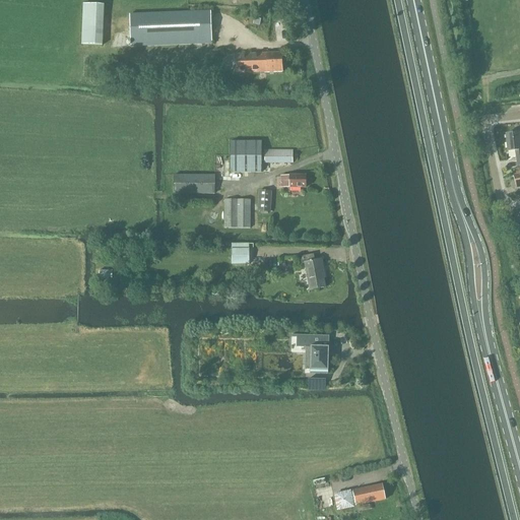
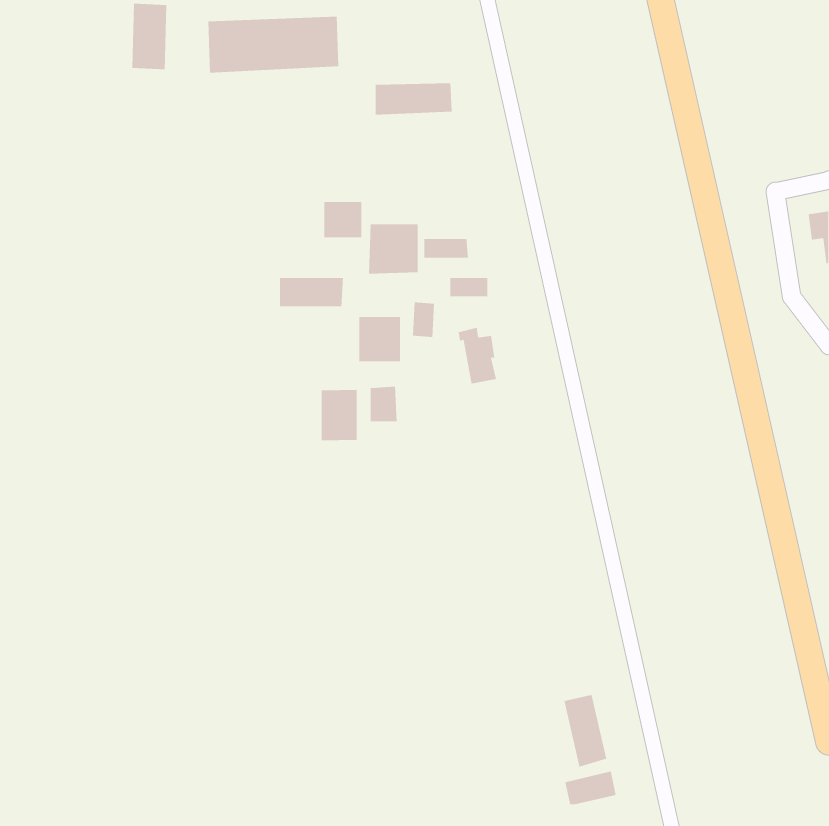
building: none -> [324,201,362,238]
building: none -> [321,389,357,441]
building: [302,253,326,288] -> [458,327,497,384]
building: [291,333,329,372] -> none
building: none -> [564,694,607,767]

